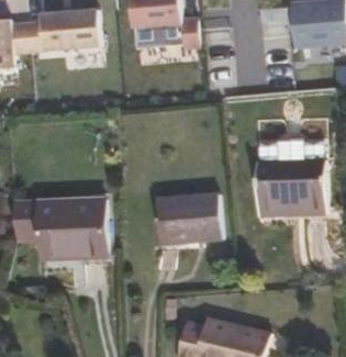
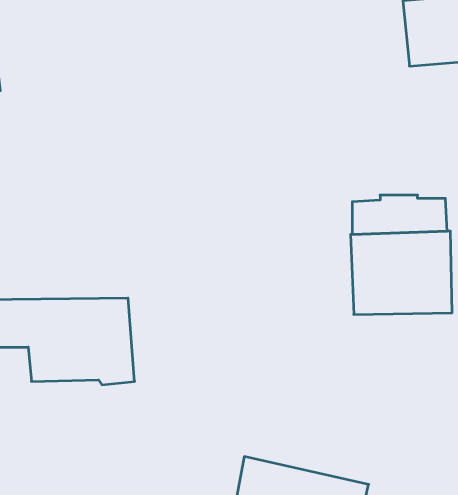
building: [131,8,183,52] -> none
building: [38,20,96,65] -> none
building: [157,194,216,238] -> none

